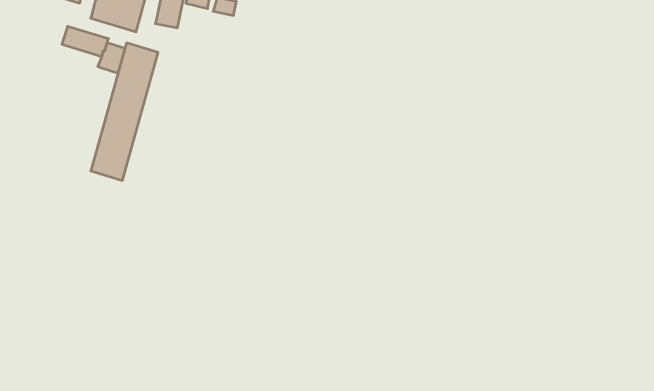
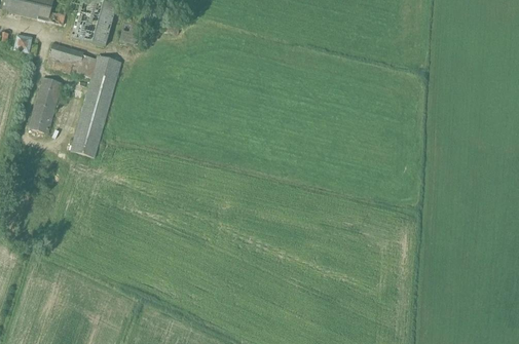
building: none -> [28,77,62,135]

